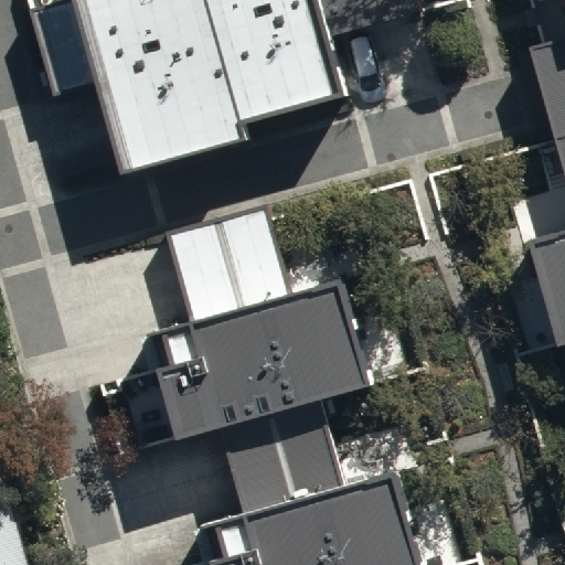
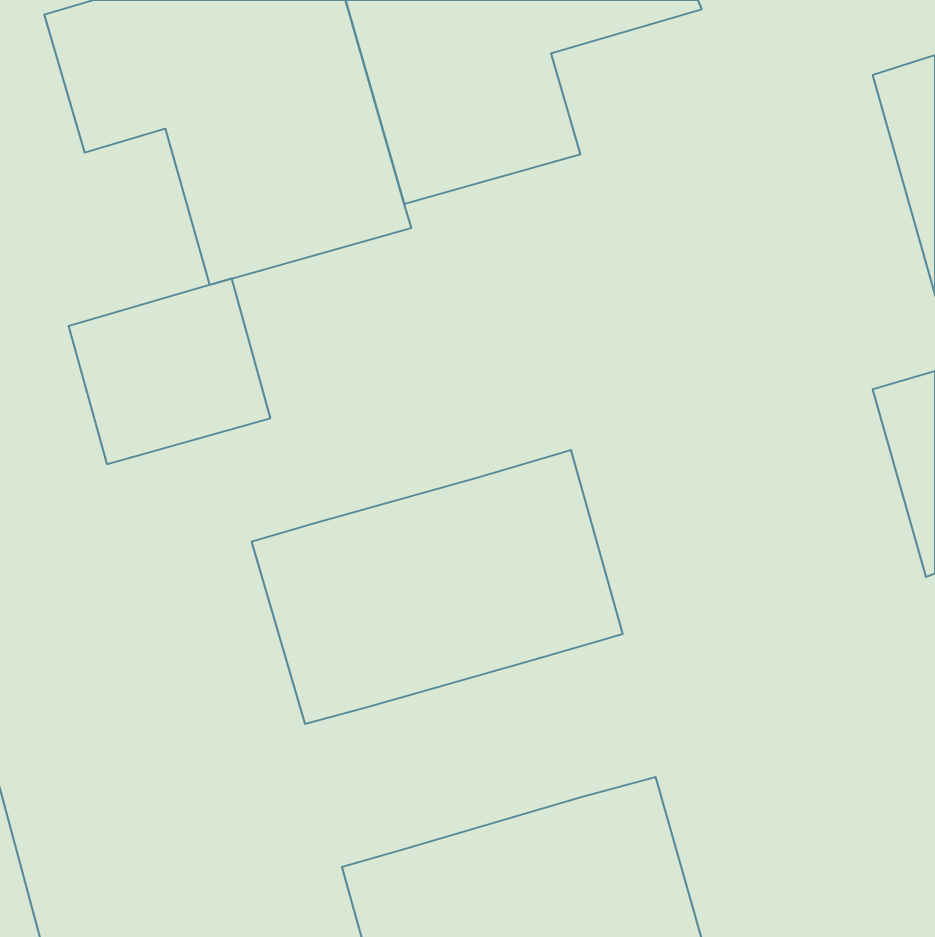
building: [166,204,287,316] -> [68,278,270,464]
building: [220,396,349,511] -> none

